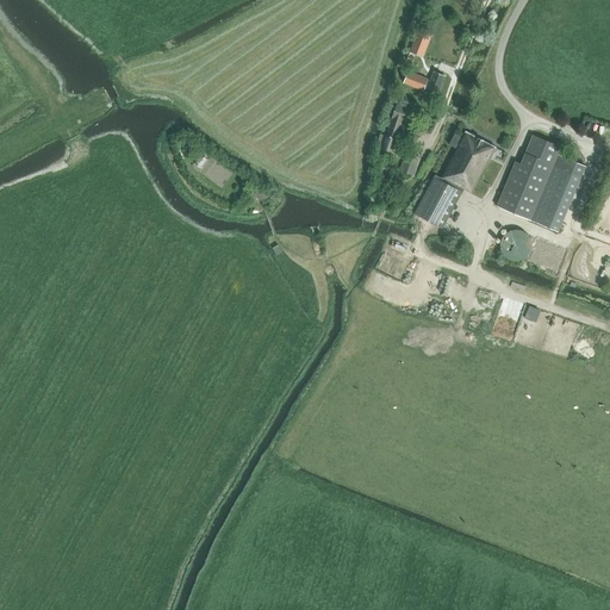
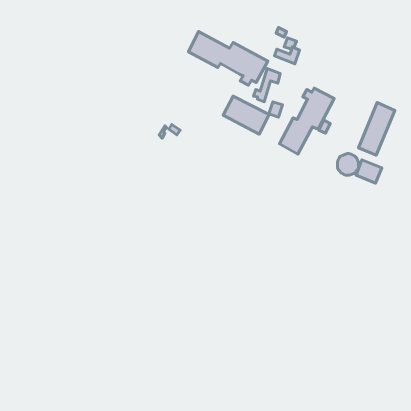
building: none -> [188,31,268,85]
building: [494,135,559,218] -> none
building: none -> [223,96,269,134]

